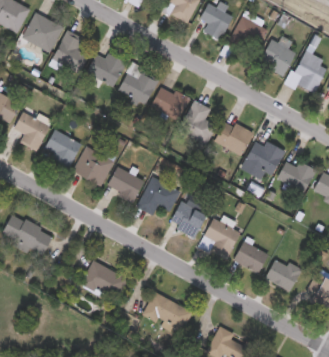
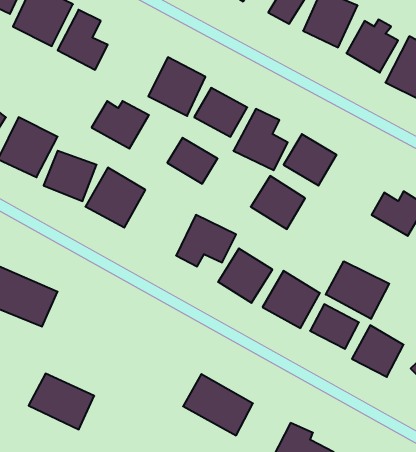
building: [86,53,127,87] -> [92,101,149,149]
building: [246,137,285,175] -> [251,176,305,229]
building: [108,166,144,199] -> [167,138,218,184]
building: none -> [326,261,389,319]
building: [81,261,128,301] -> [29,374,94,429]

